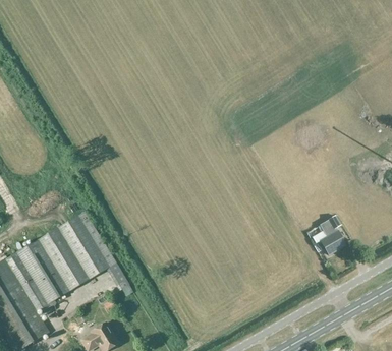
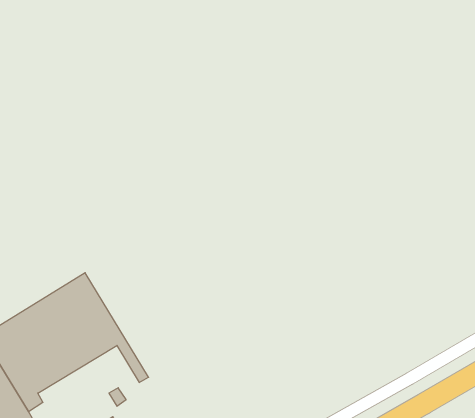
building: [319,215,345,254] -> none

